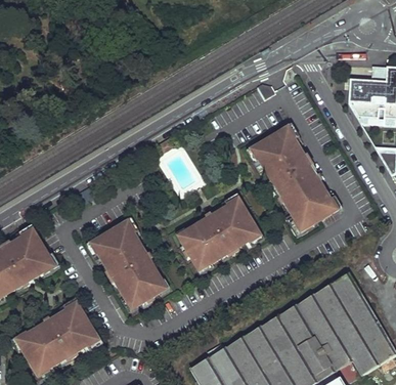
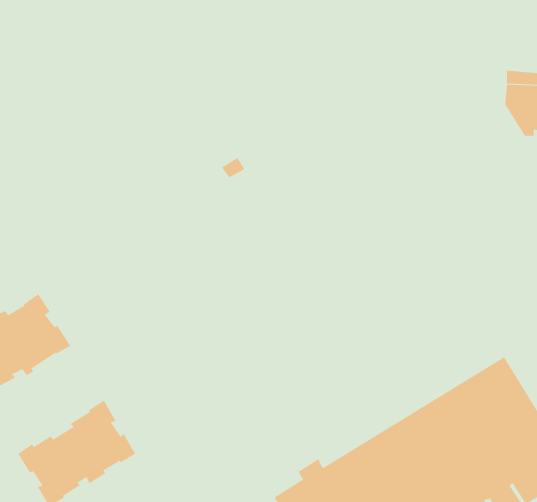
building: [250,127,336,229] -> none
building: [181,198,258,267] -> none
building: [90,221,163,305] -> none

